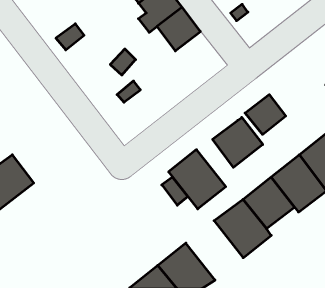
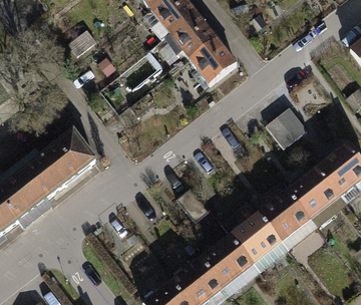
building: none -> [190,37,235,86]
building: none -> [21,125,92,194]
building: [213,117,263,167] -> none
building: [169,150,226,209] -> [201,233,260,294]

